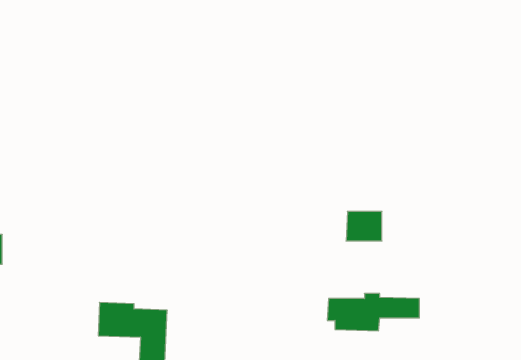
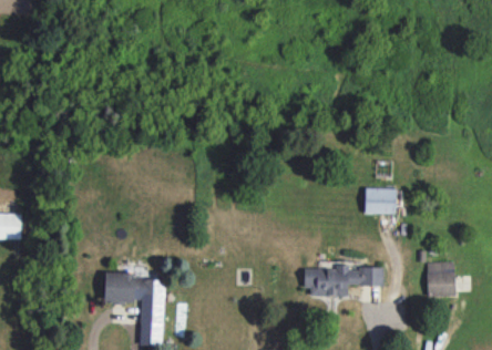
building: [346,211,382,241] -> [365,188,396,214]
building: none -> [428,261,455,297]

